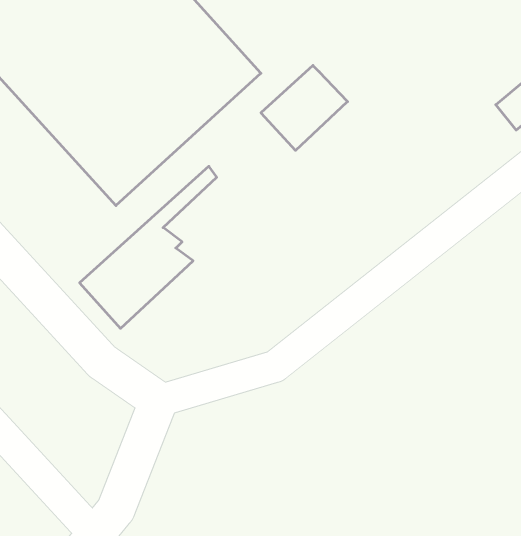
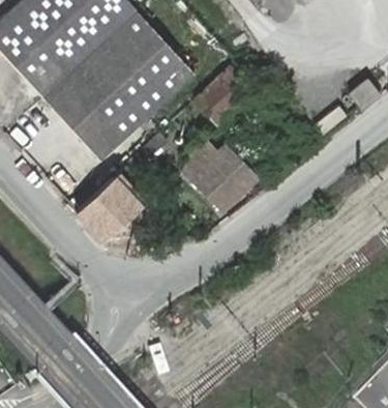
building: none -> [181,138,260,211]

